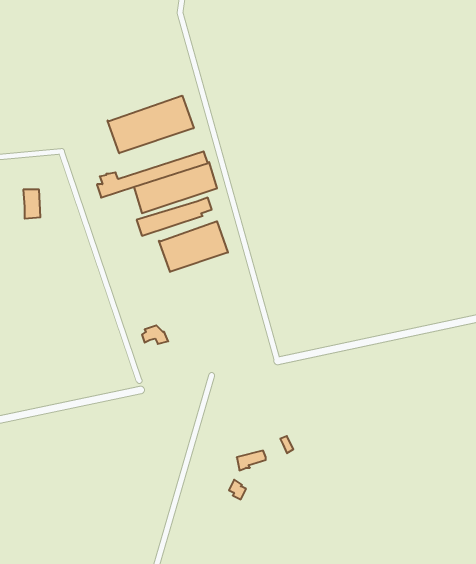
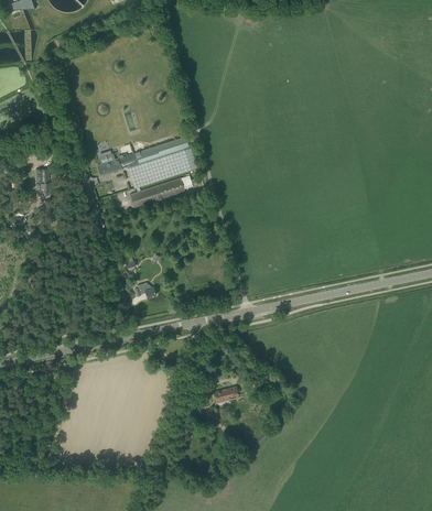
building: [108,96,194,153] -> none
building: [159,221,228,272] -> none

